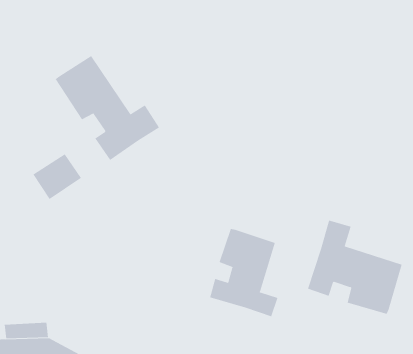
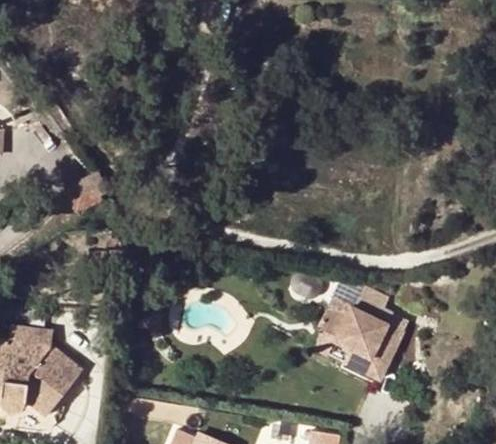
building: [55,55,160,161] -> none
building: [209,228,278,317] -> none

